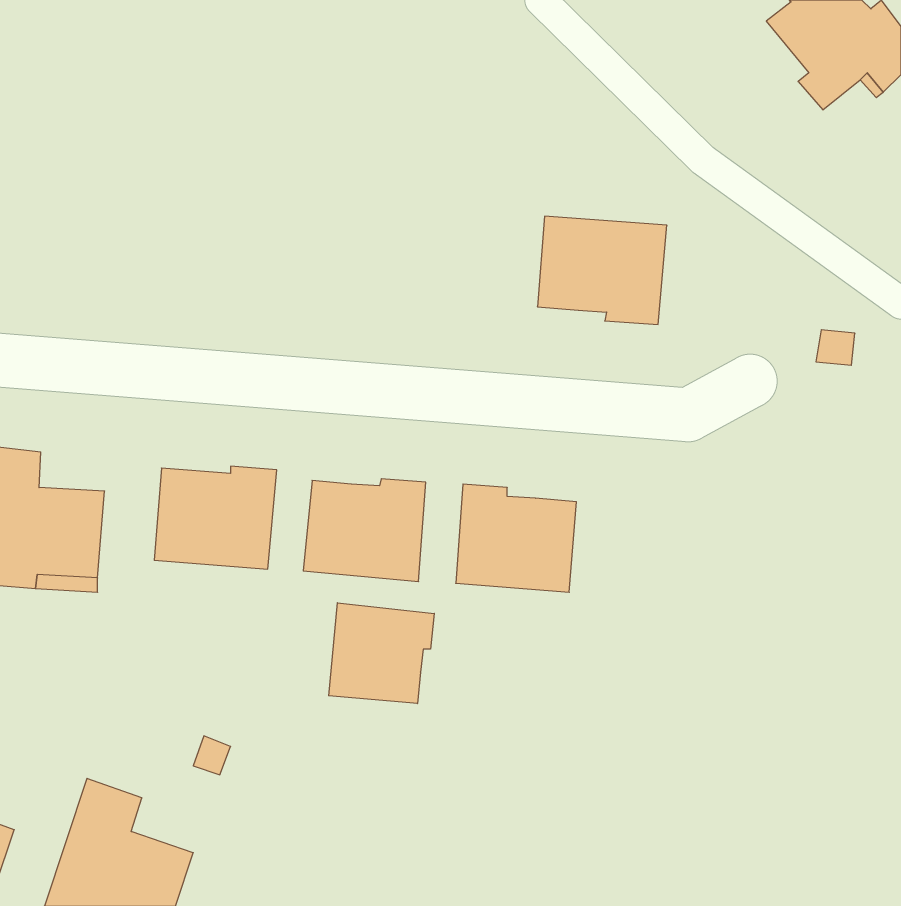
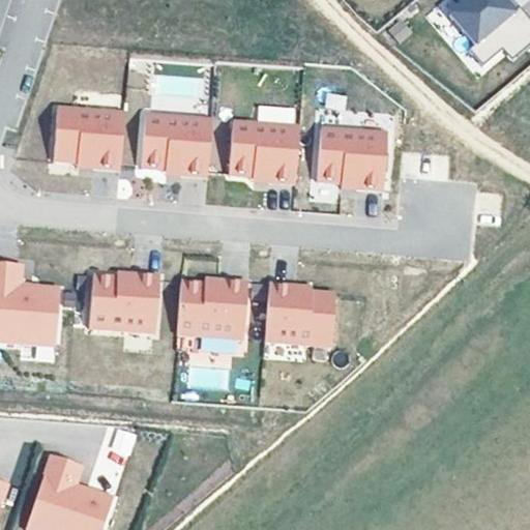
building: none -> [50,105,125,168]
building: none -> [138,112,213,175]
building: none -> [226,119,301,182]
building: [329,603,434,704] -> none

